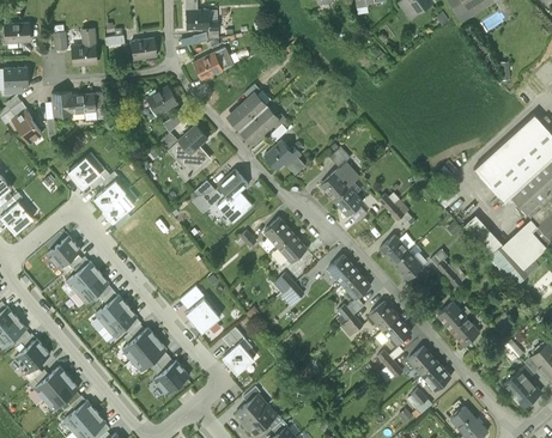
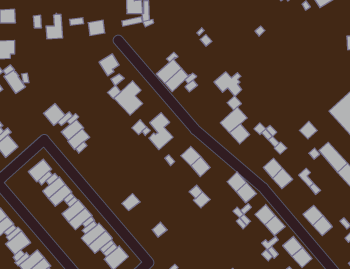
building: [193,48,232,80] -> none
building: [53,93,95,117] -> none
building: [265,141,304,176] -> [214,72,242,96]
building: [184,299,220,334] -> none
building: [222,342,254,375] -> none

